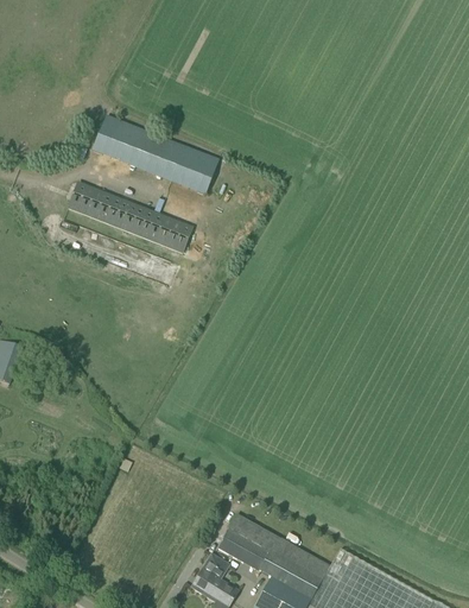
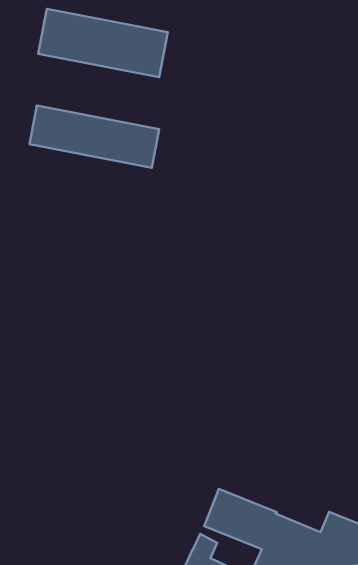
building: none -> [38,9,168,77]
building: [68,183,192,254] -> none

